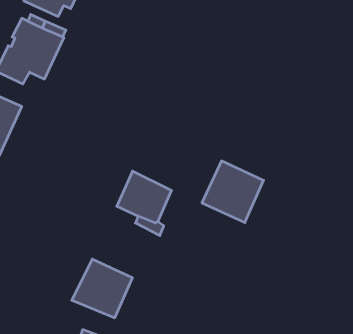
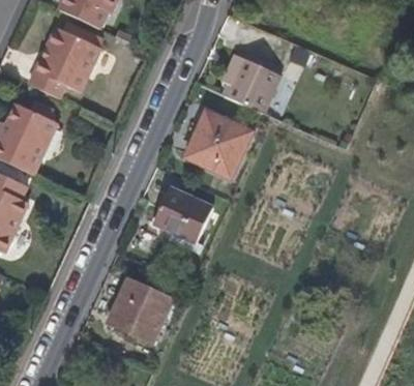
building: none -> [228,58,286,115]
building: [202,161,264,223] -> [187,114,253,179]

